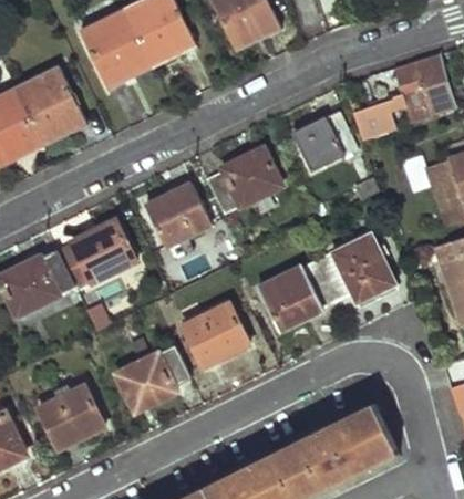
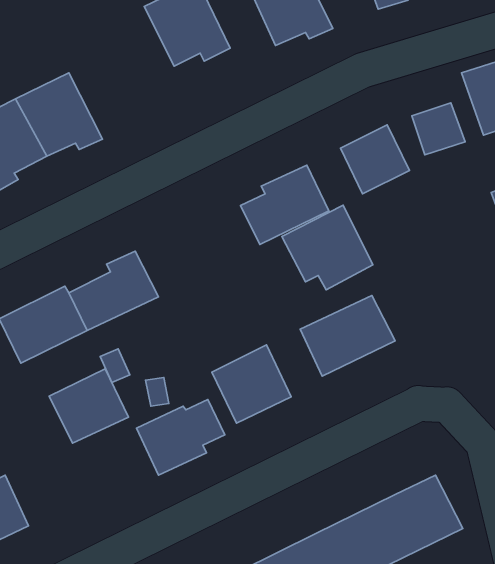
building: [79,12,149,92] -> none
building: [145,183,208,241] -> none
building: [318,231,395,303] -> [282,205,373,290]
building: [40,385,107,448] -> [49,369,129,443]

